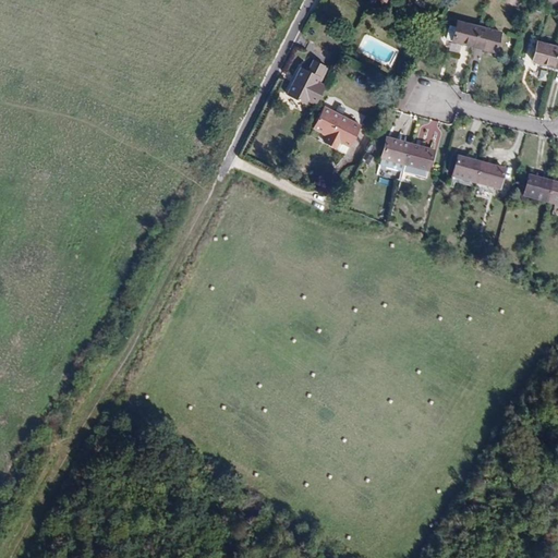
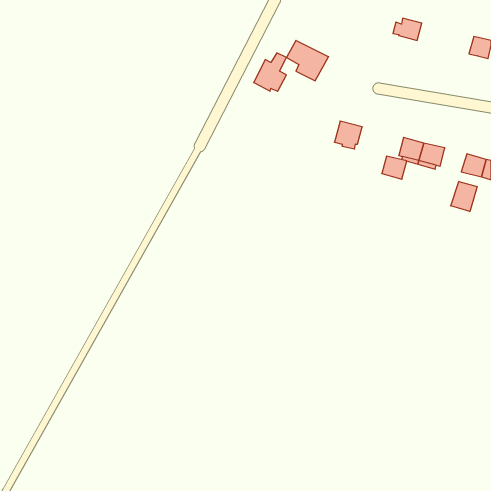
building: [473,26,501,51] -> none
building: [314,107,362,153] -> [286,40,329,81]
building: [405,144,434,170] -> [382,156,407,179]
building: none -> [451,181,477,212]

